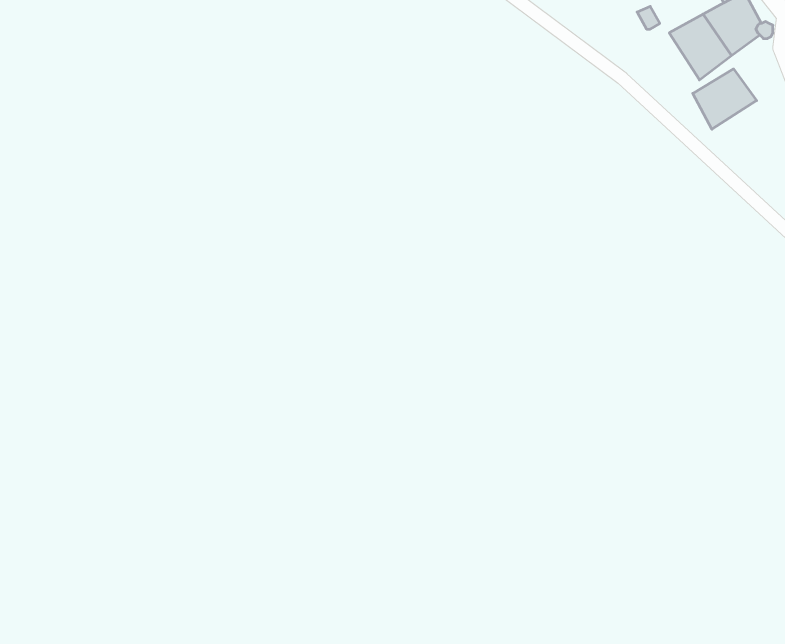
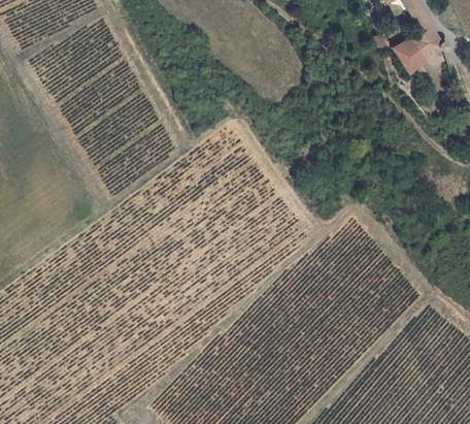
building: [693,69,757,129] -> none

